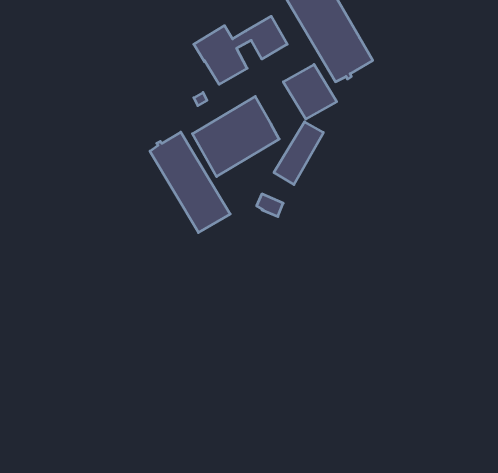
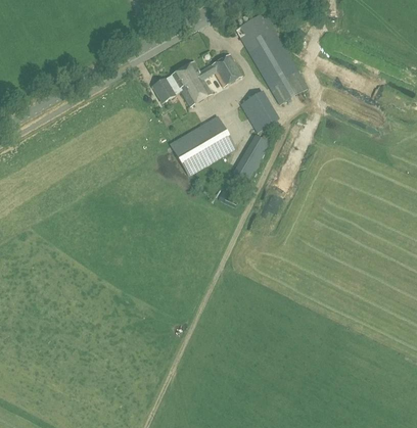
building: none -> [152,75,180,102]
building: [150,132,230,233] -> none

